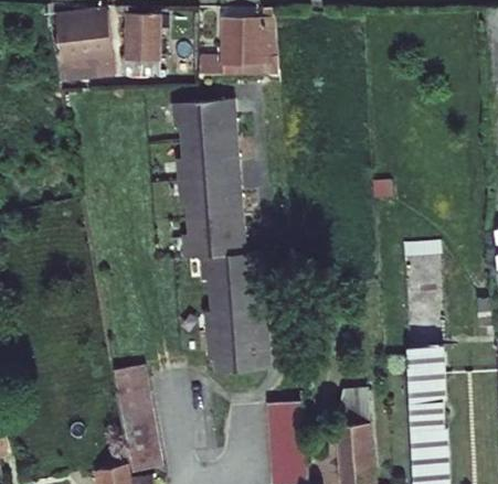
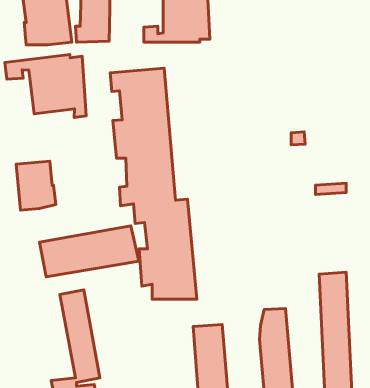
building: none -> [5,55,86,117]
building: none -> [16,161,56,210]
building: none -> [40,226,139,277]

